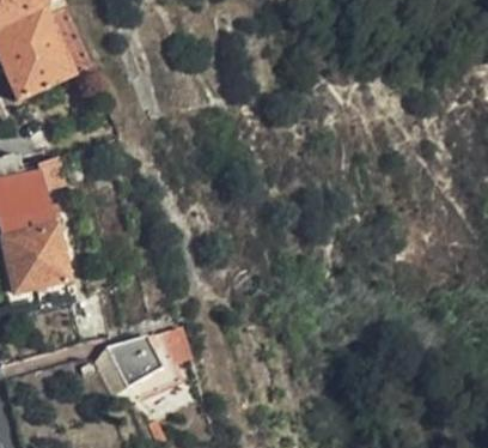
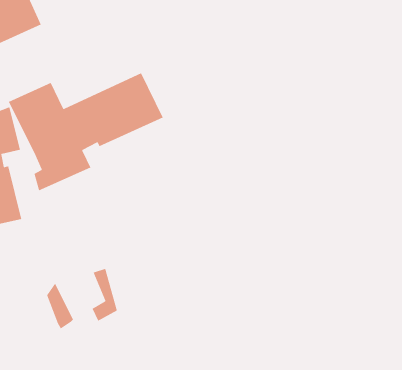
building: none -> [8,72,164,192]
building: [104,337,158,388] -> none

